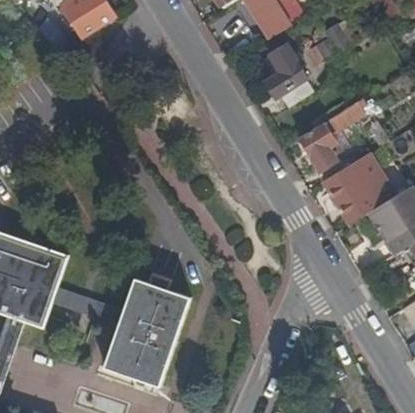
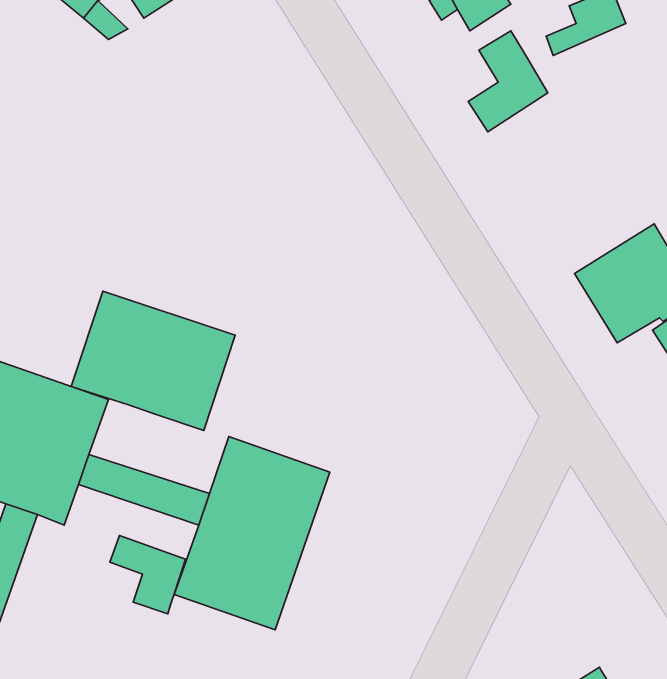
building: [300,102,365,175] -> none
building: none -> [71,291,235,431]
building: none -> [110,536,185,614]

